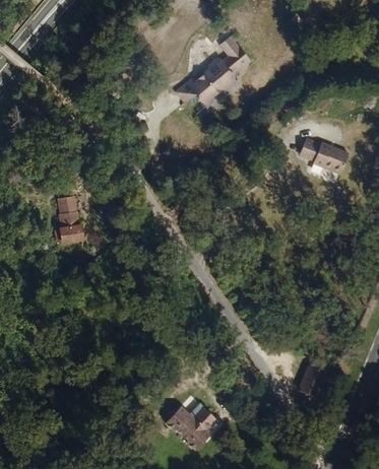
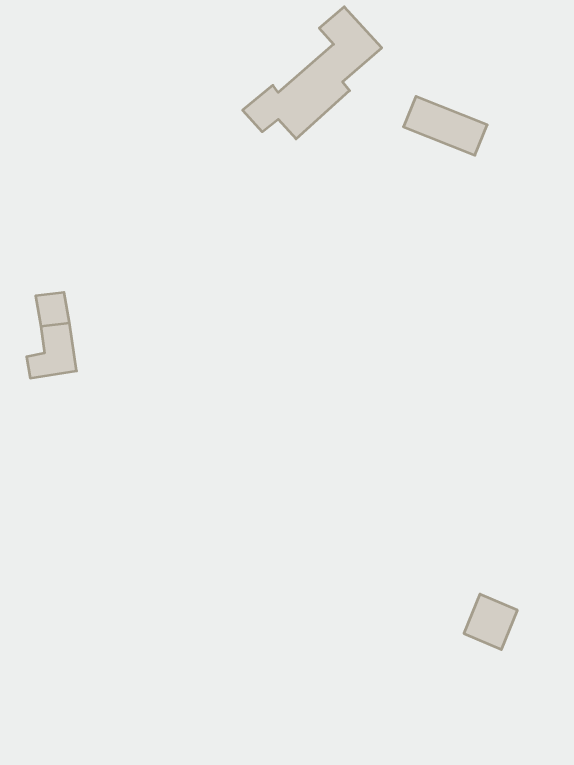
building: [300,138,348,172] -> [403,96,487,155]
building: [168,406,217,449] -> none

